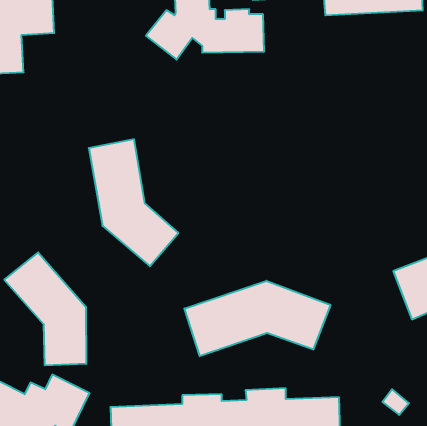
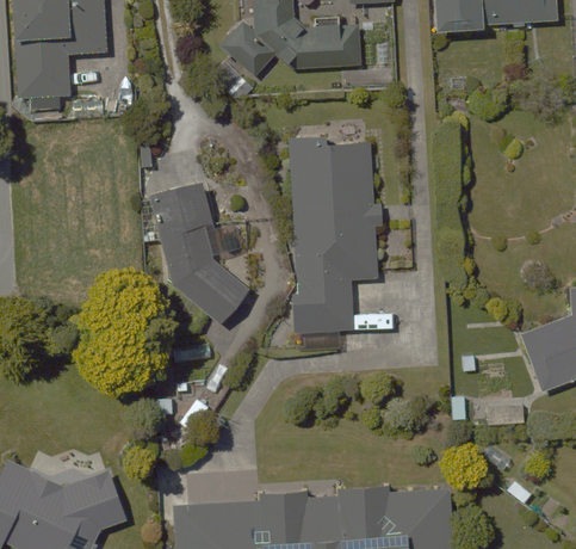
building: none -> [286,122,378,331]
building: [4,252,86,365] -> none
building: [184,281,330,356] -> none

